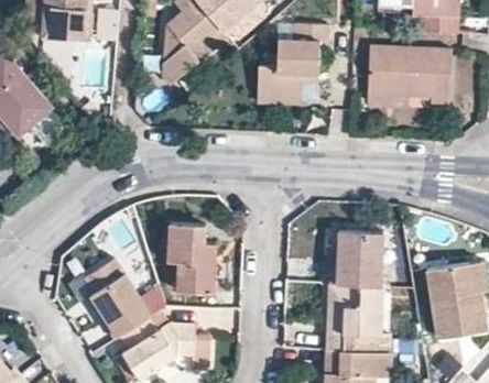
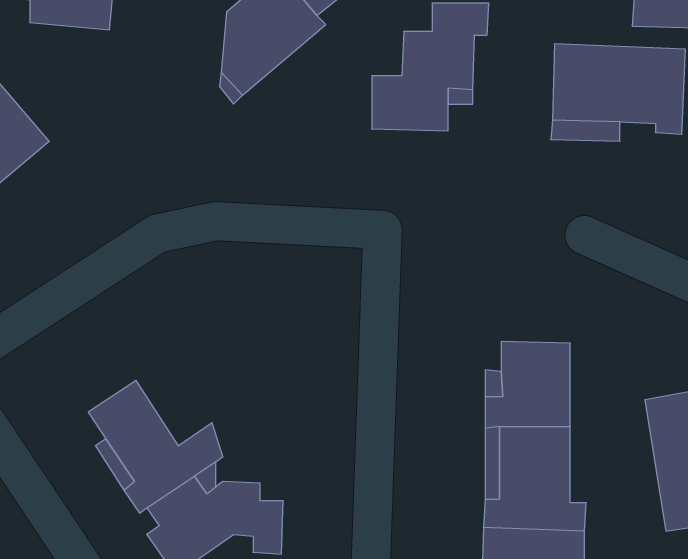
building: [164,228,213,289] -> none

